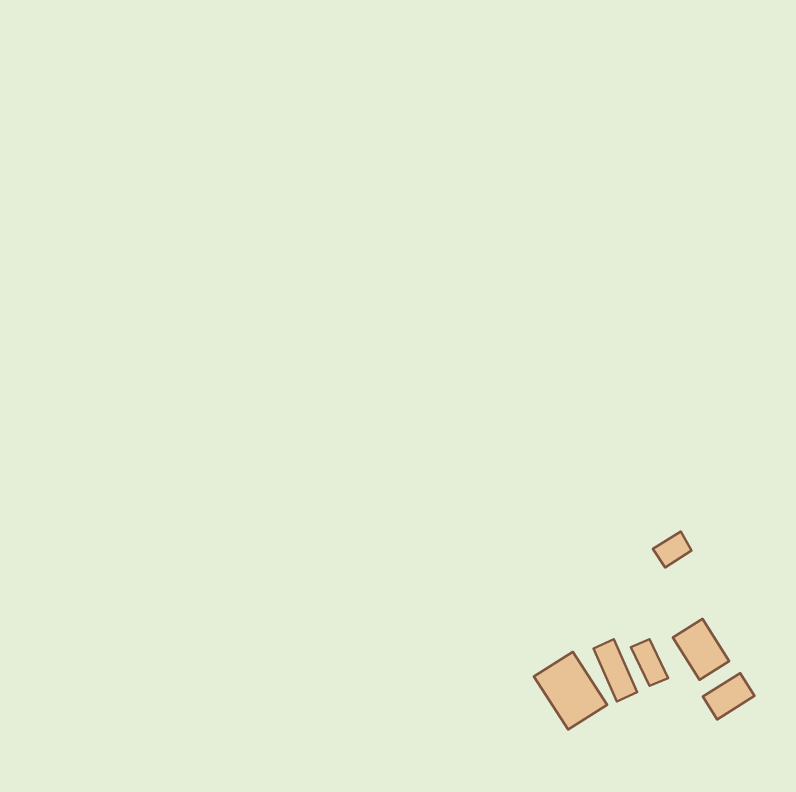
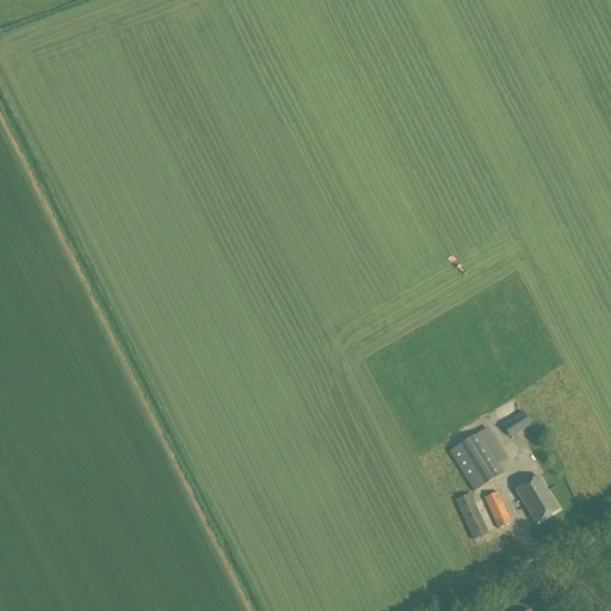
building: [534,652,607,730] -> [448,430,504,489]
building: [703,673,755,719] -> none

